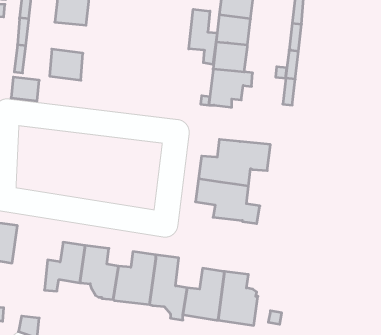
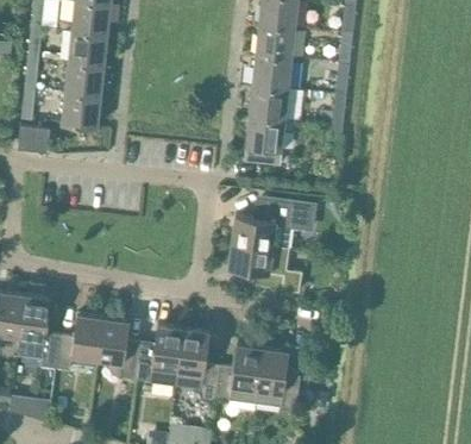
building: [189,9,217,64] -> none
building: none -> [64,62,103,98]
building: none -> [17,295,59,369]

